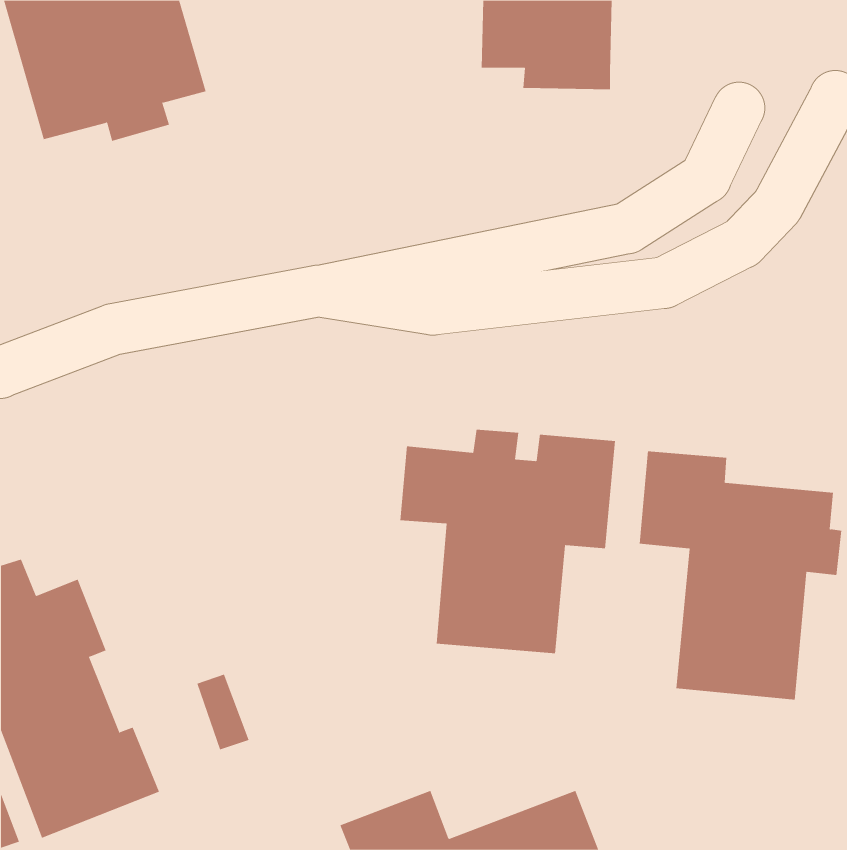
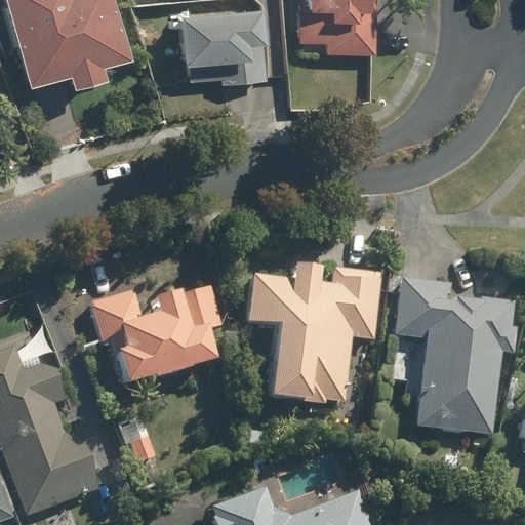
building: none -> [178,9,270,85]
building: none -> [91,282,221,386]

